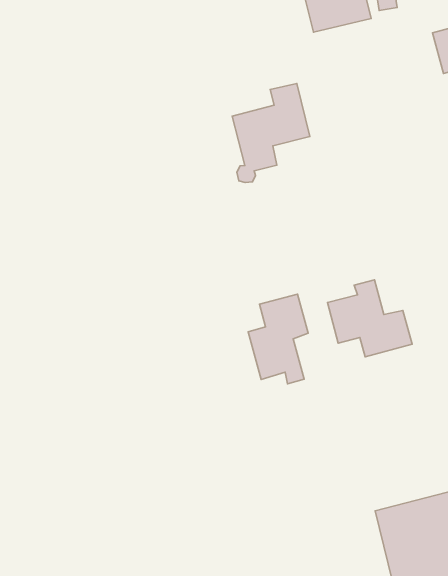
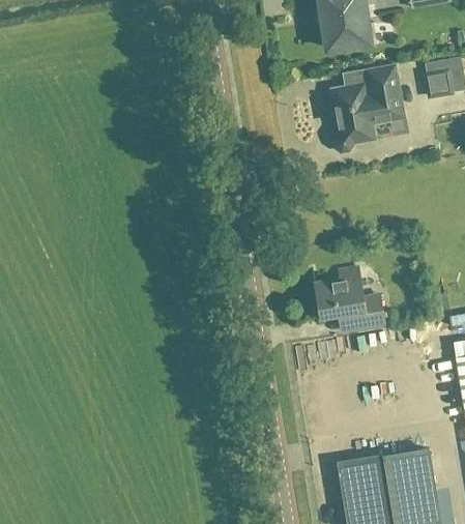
building: [232,83,310,183] -> [336,69,400,149]
building: [248,294,308,384] -> none

